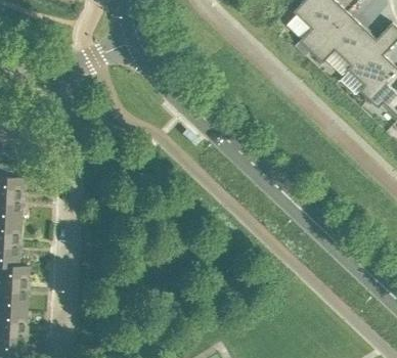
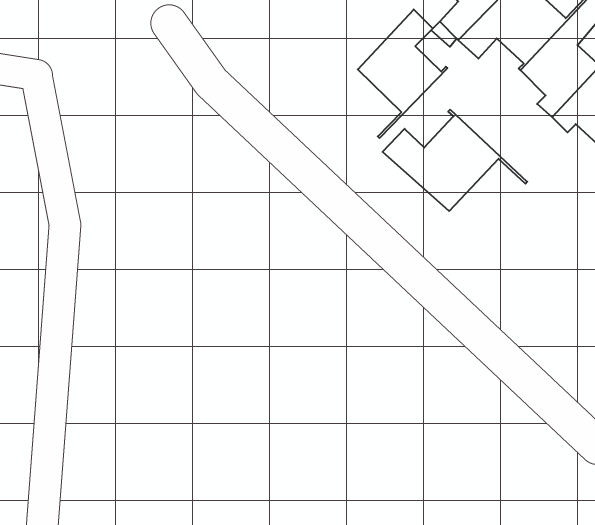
building: none -> [358,9,447,138]
building: none -> [383,110,527,211]

